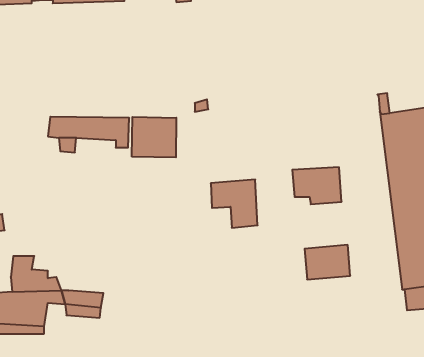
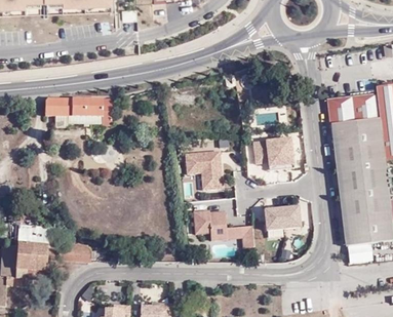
building: [132,117,176,157] -> none
building: none -> [193,210,254,249]

